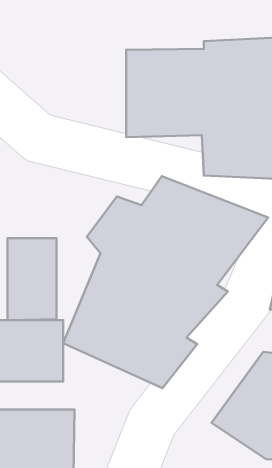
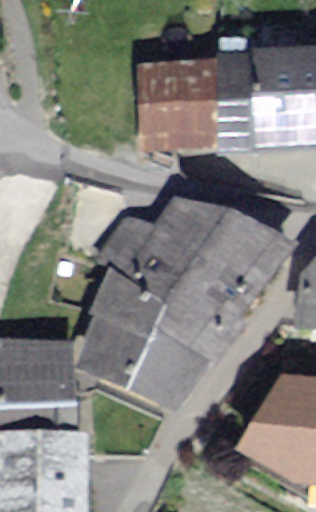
building: [8,238,56,320] -> none

